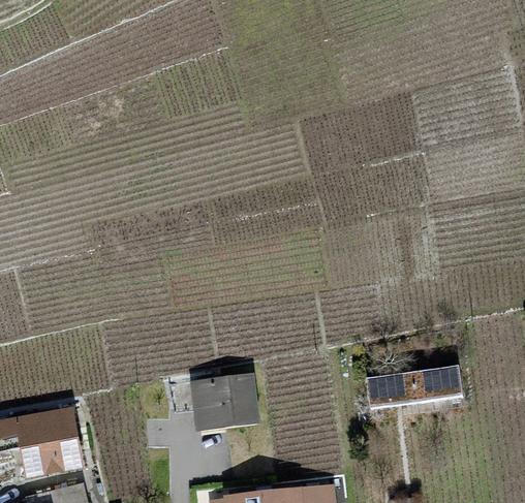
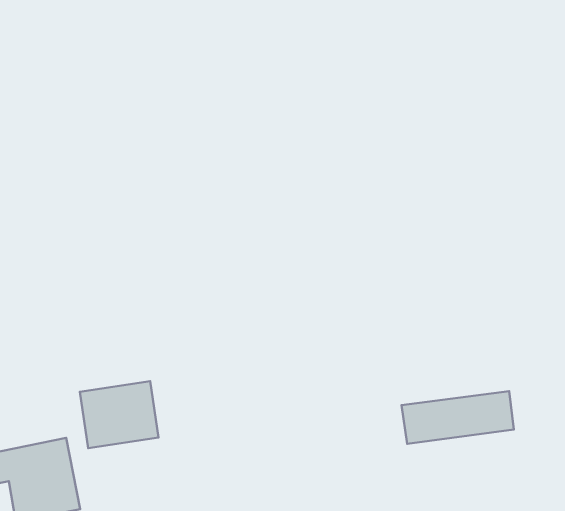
building: [190,376,259,435] -> [80,381,158,448]

